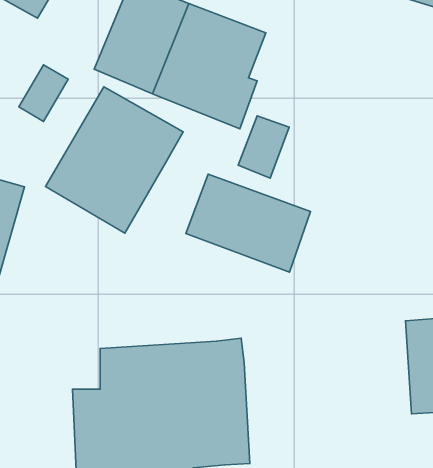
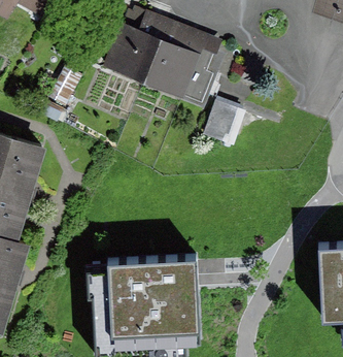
building: [45,87,183,233] -> none
building: [186,174,311,272] -> none

